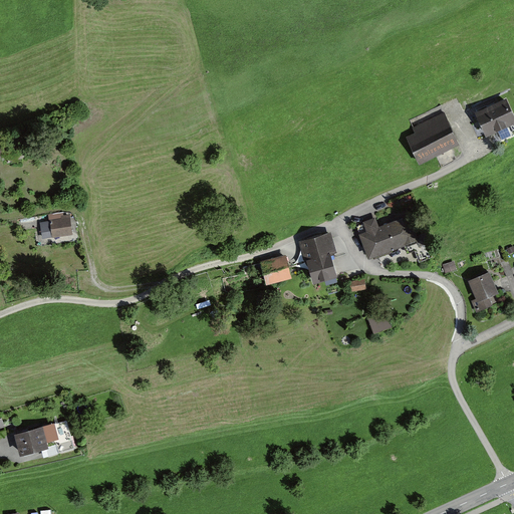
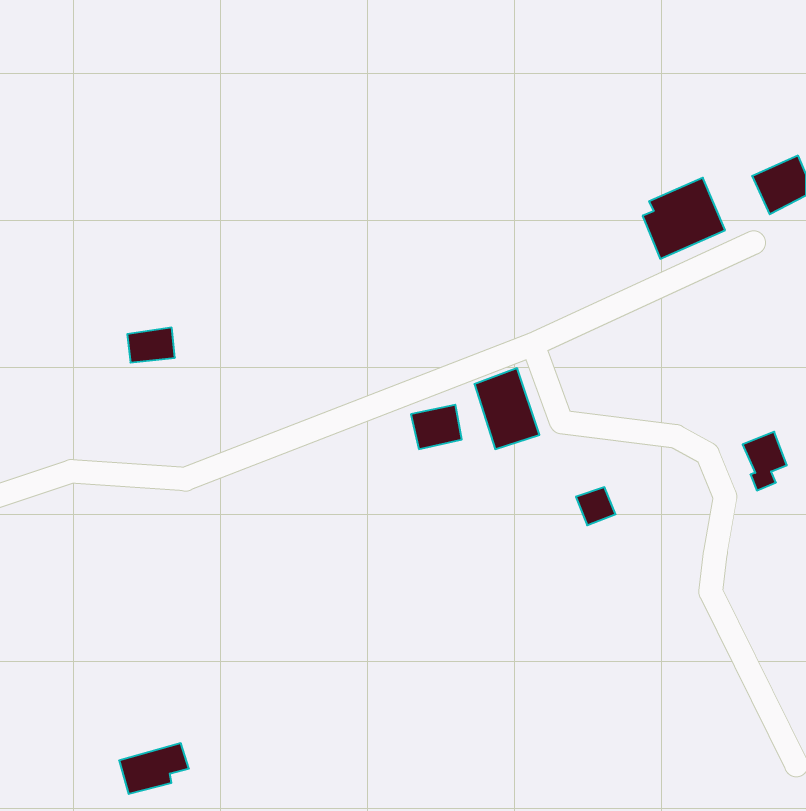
building: [40,216,70,238] -> [127,328,175,363]
building: [354,216,419,259] -> none
building: [14,423,58,455] -> [119,743,189,794]

